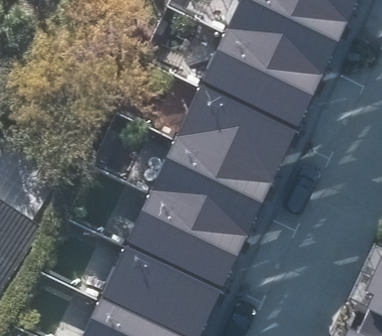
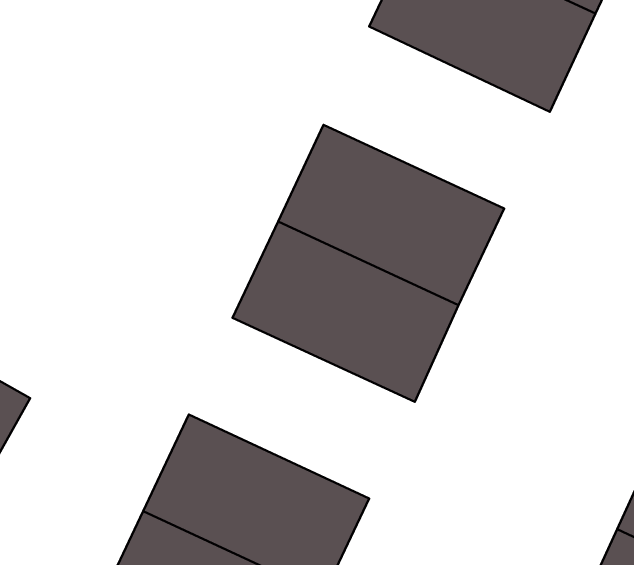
building: [199,26,323,126] -> none
building: [125,186,249,285] -> none

